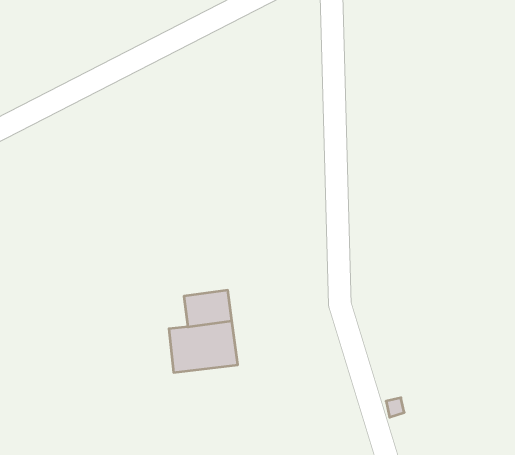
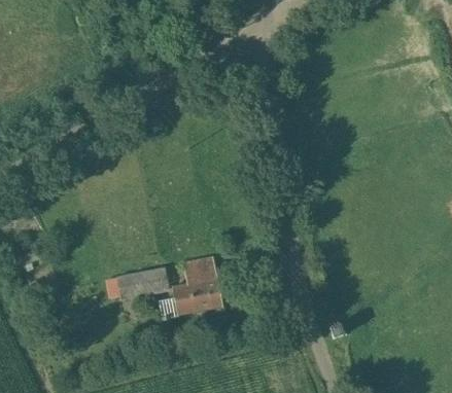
building: none -> [116,265,168,299]

